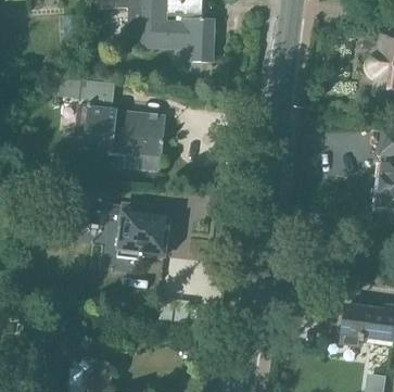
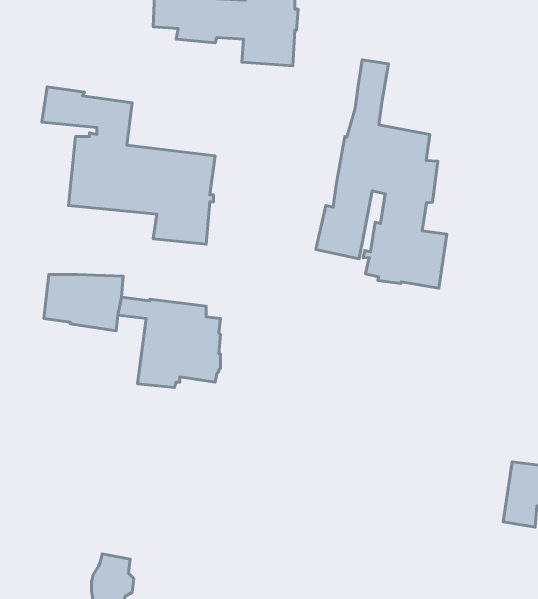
building: none -> [316,60,447,288]

